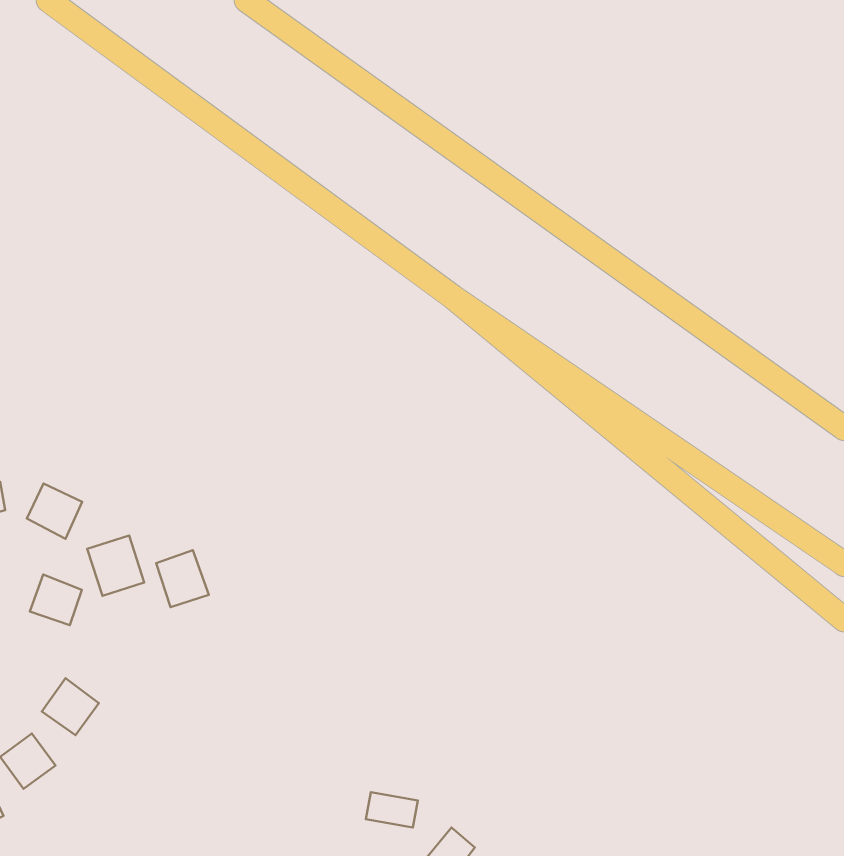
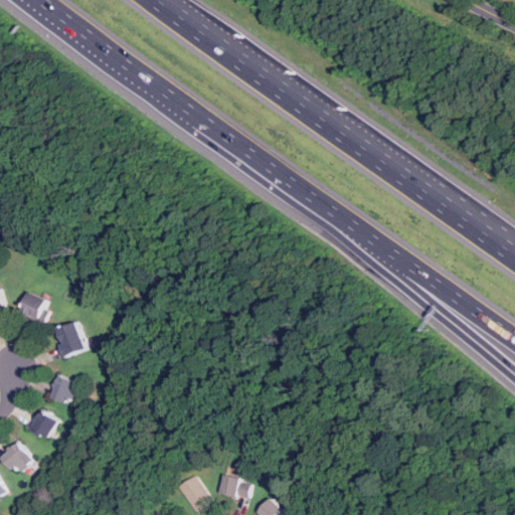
building: [156,550,209,607] -> none
building: [30,575,82,625] -> [50,375,81,405]
building: none -> [177,476,207,510]

